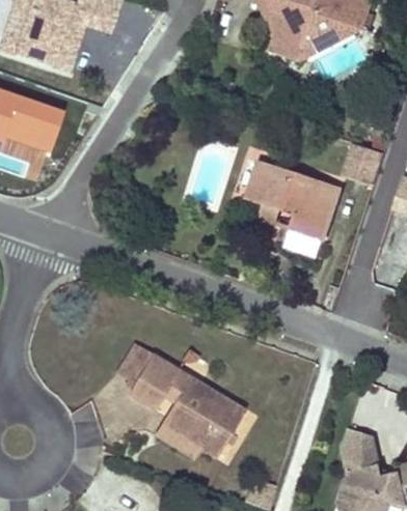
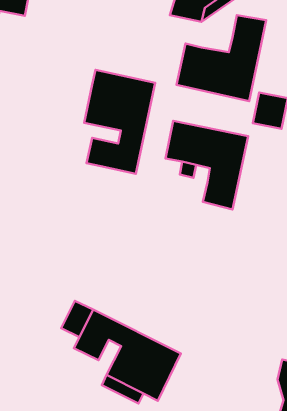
building: none -> [176,15,266,101]
building: none -> [84,70,155,174]

